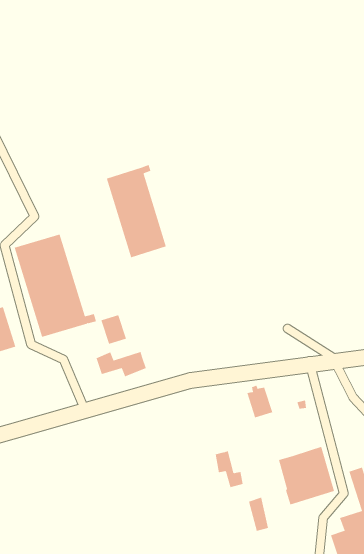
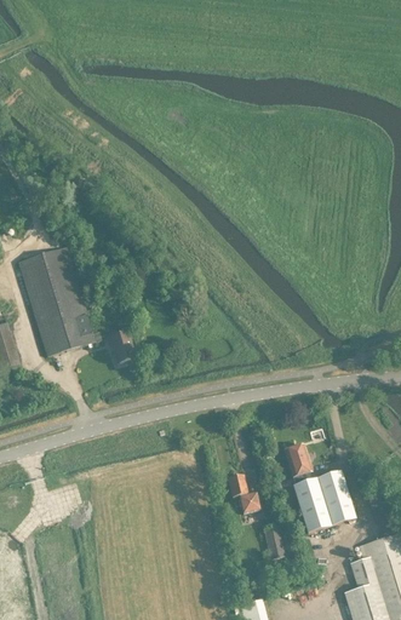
building: [106,164,167,258] -> none
building: [96,351,146,377] -> none
building: [247,385,273,418] -> [285,442,313,477]

